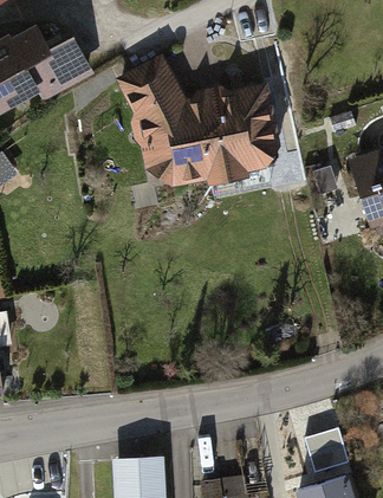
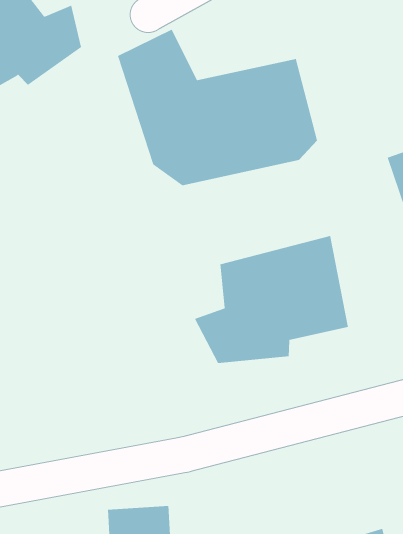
building: none -> [194,235,348,364]
building: [298,426,345,471] -> none

